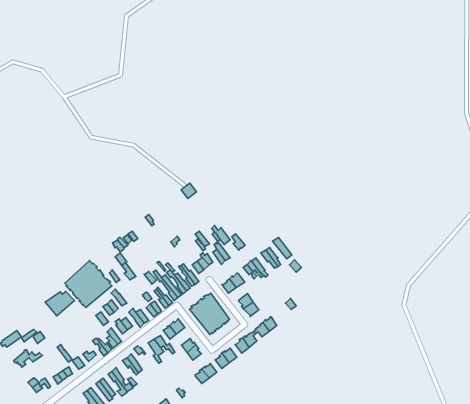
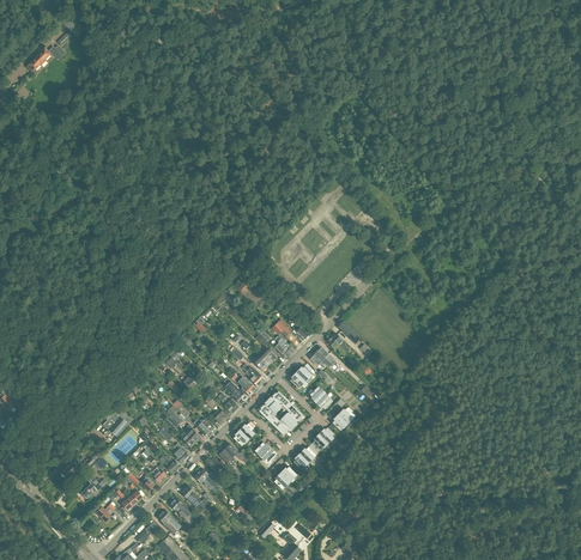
building: [65,260,112,307] -> none

